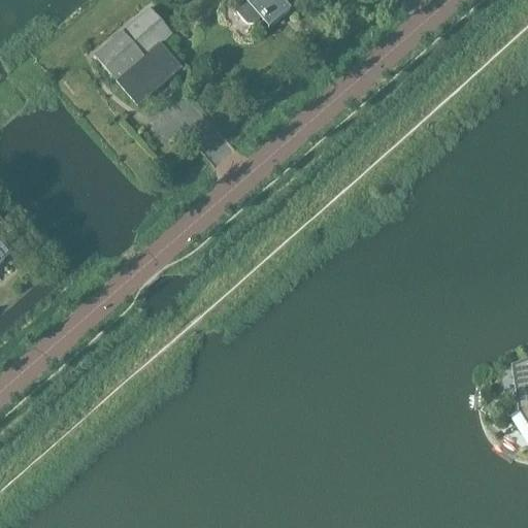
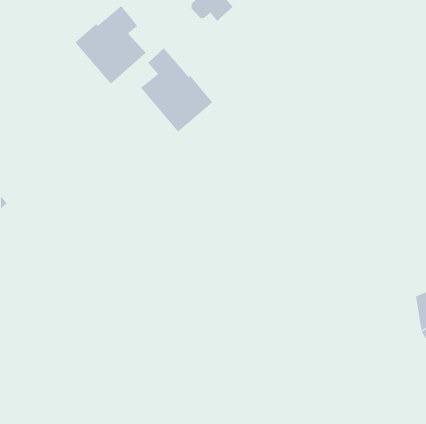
building: none -> [140,47,213,133]

